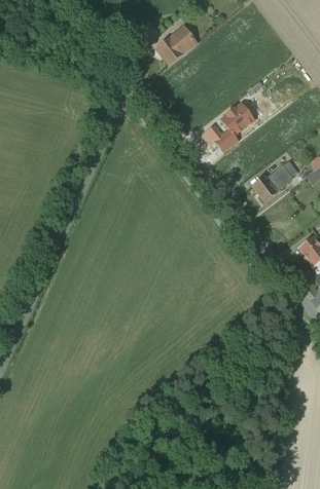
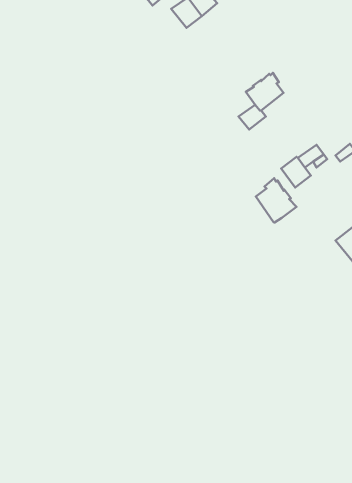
building: none -> [256,178,296,223]

